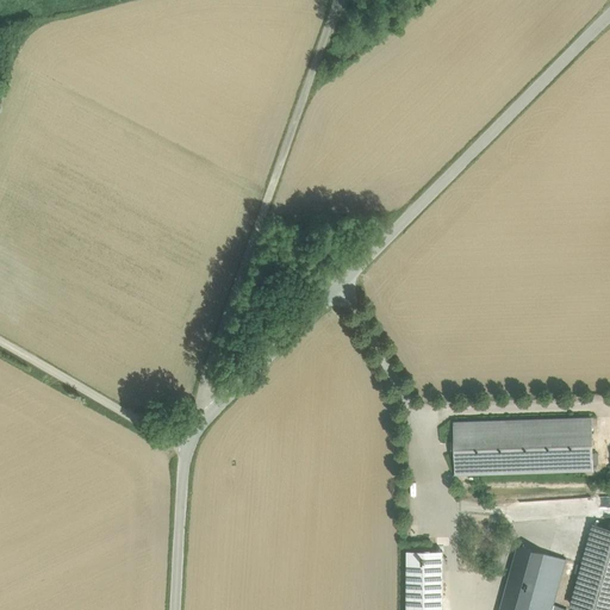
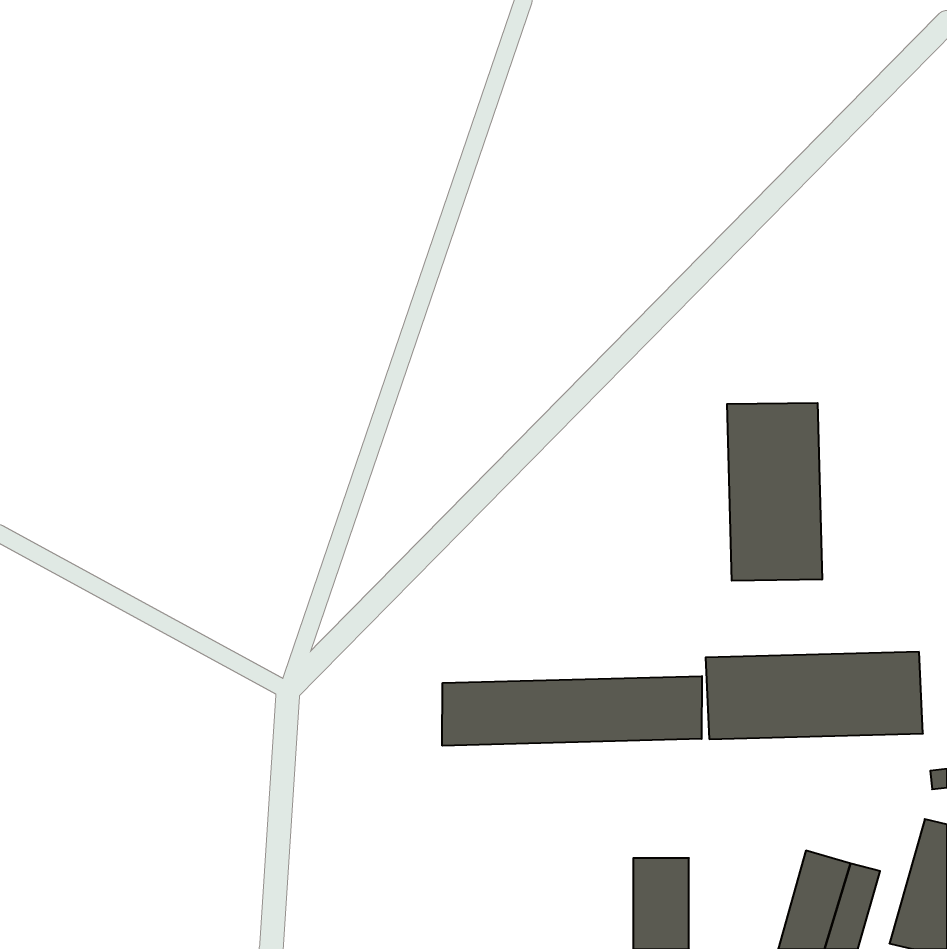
building: none -> [727,403,822,581]
building: none -> [442,676,702,746]

